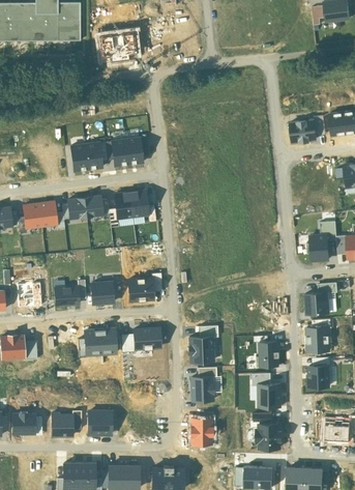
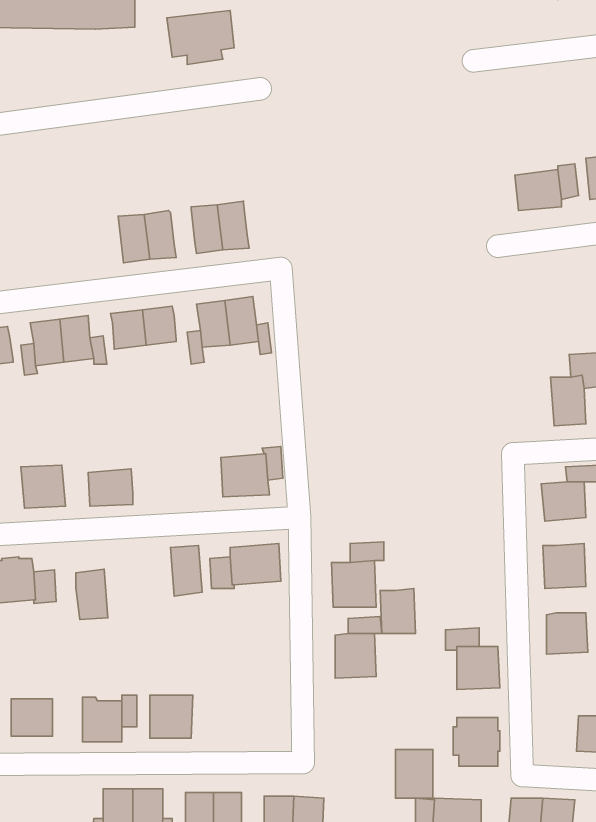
building: [90,281,113,304] -> none
building: [84,328,101,356] -> [76,569,108,620]
building: [259,341,278,366] -> [380,589,416,633]
building: [190,417,211,444] -> [395,749,433,798]

